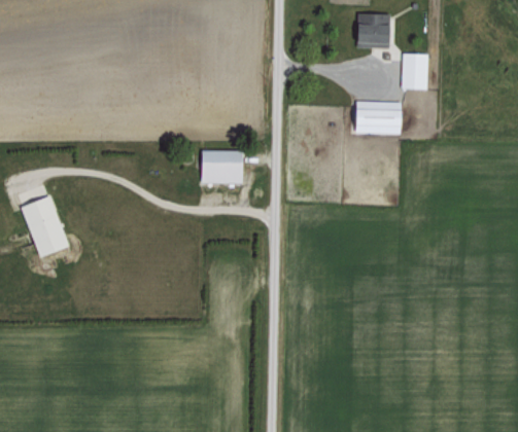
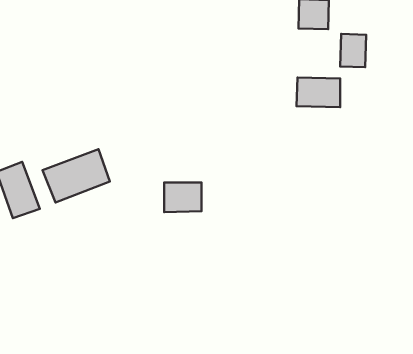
building: [202,150,243,183] -> [164,183,201,212]
building: none -> [43,149,110,202]

